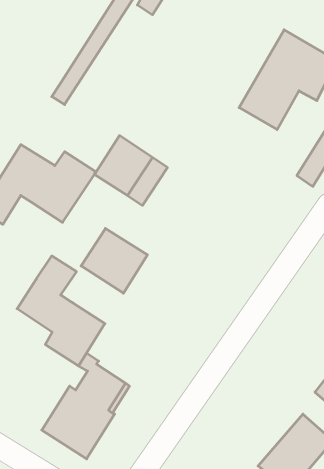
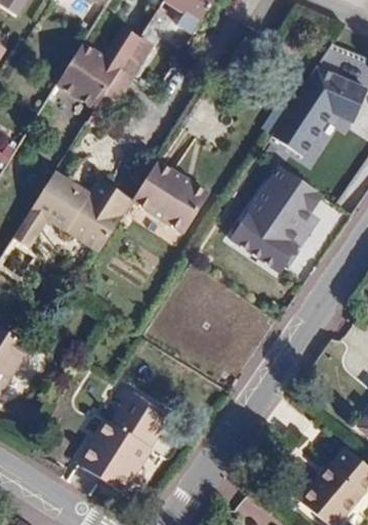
building: none -> [56,43,125,110]
building: none -> [233,158,334,274]
building: [81,228,147,293] -> none
building: [17,256,105,366] -> none

